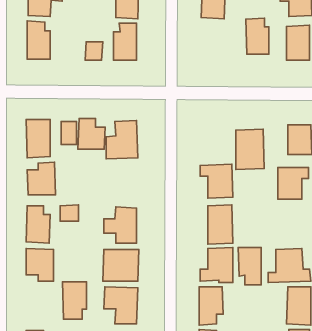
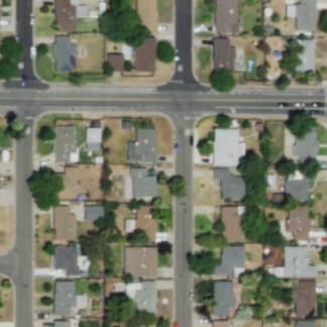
building: [246,18,269,54] -> [214,38,235,72]
building: [78,118,105,149] -> [132,168,157,196]
building: [236,129,264,170] -> [214,128,240,166]
building: [238,248,261,285] -> [288,206,309,240]
building: [62,282,86,319] -> [53,281,76,315]

